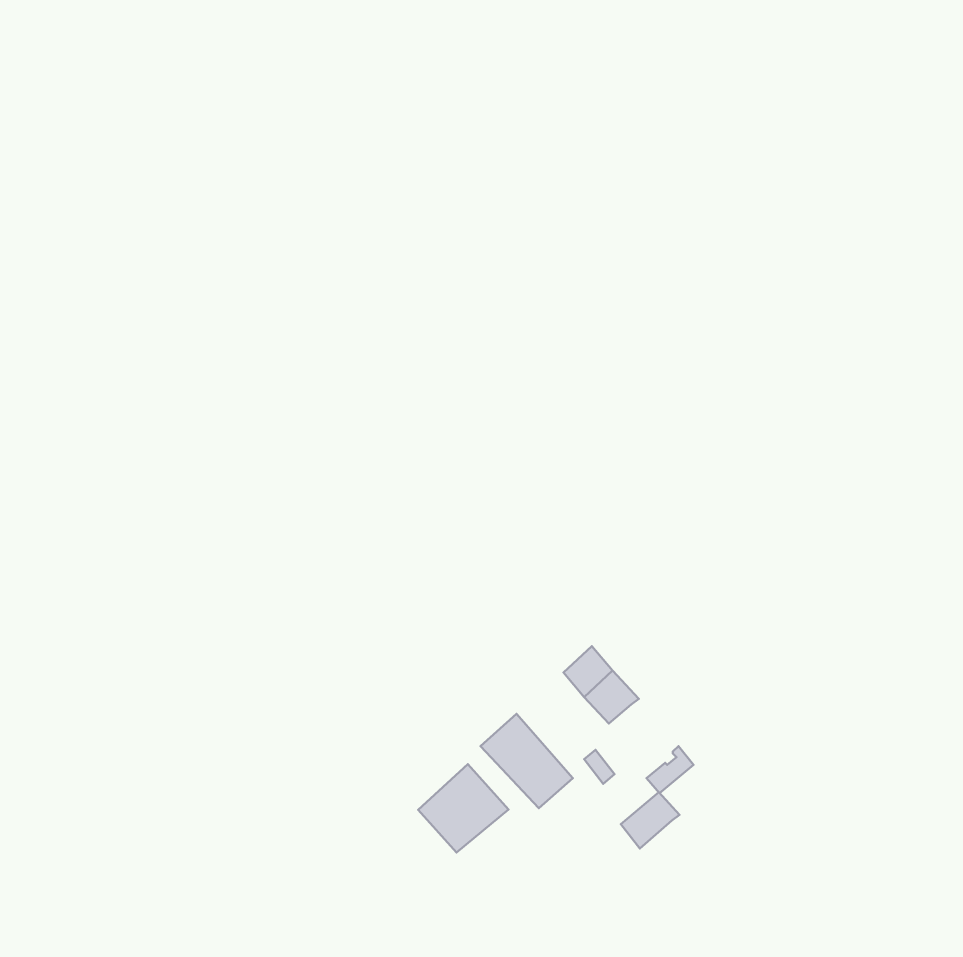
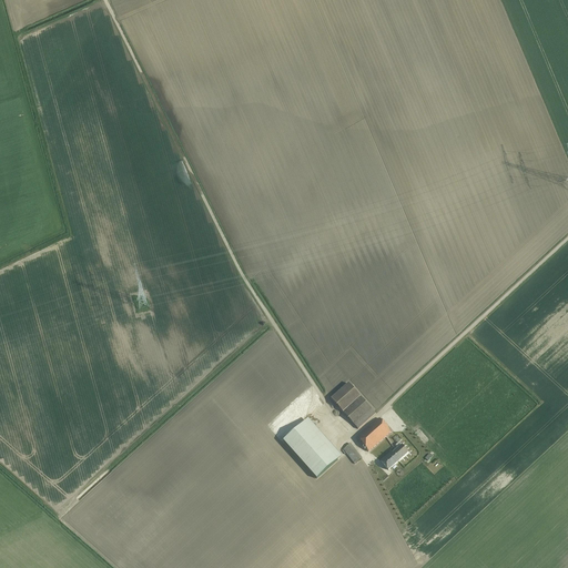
building: [418,764,508,852] -> none
building: [621,792,679,849] -> [357,416,392,449]

